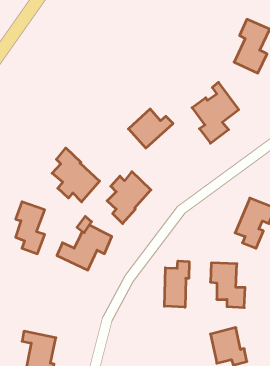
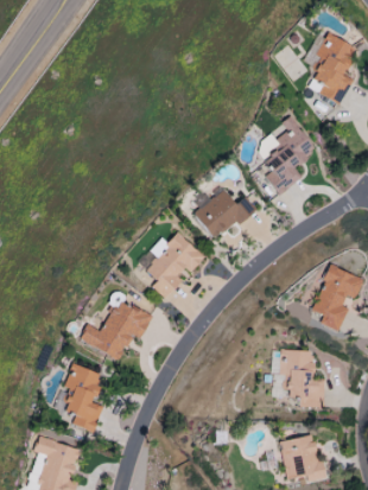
building: [128,109,173,148] -> [193,189,252,240]
building: [52,148,100,202] -> none
building: [16,202,45,254] -> [64,364,102,432]
building: [164,261,189,307] -> none

